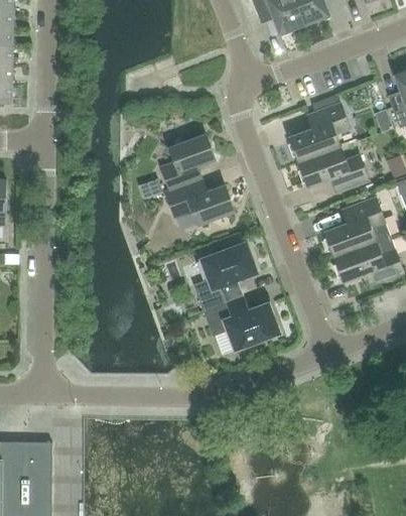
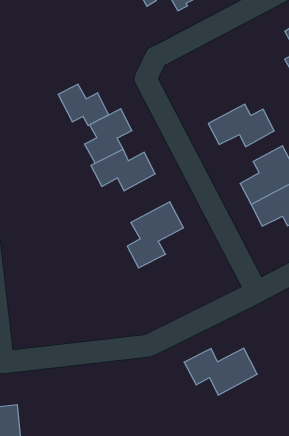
building: none -> [58,84,109,126]
building: [289,104,350,163] -> none
building: [202,299,280,351] -> [184,348,257,395]

